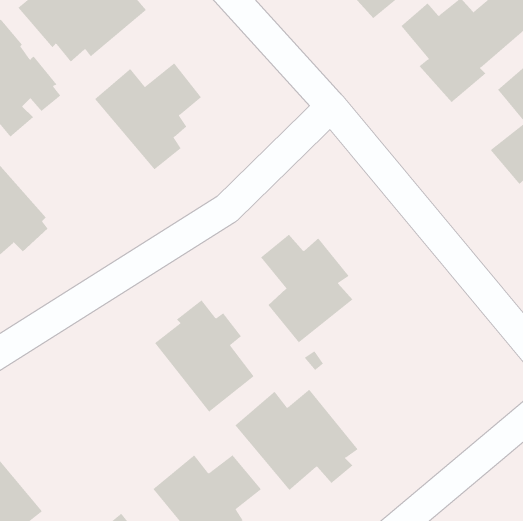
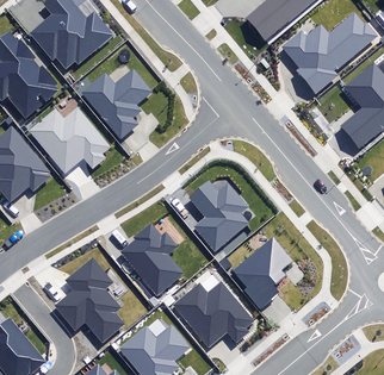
building: none -> [29,110,110,173]
building: none -> [233,238,291,310]
building: none -> [55,258,125,343]

